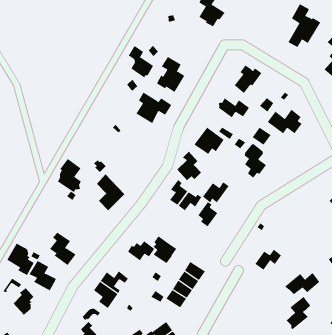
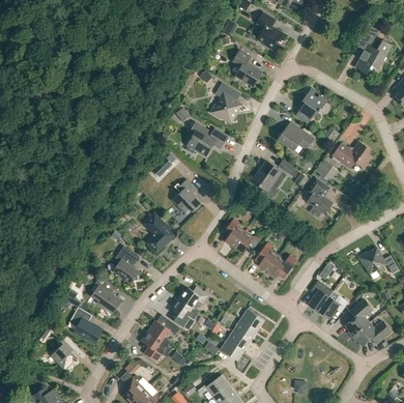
building: [128,45,154,78] -> [232,49,261,85]
building: [177,151,202,181] -> [172,178,200,211]
building: [57,158,82,193] -> [112,244,139,283]
building: [202,182,229,203] -> [266,254,296,278]
building: none -> [357,247,398,274]
building: [153,236,177,264] -> [171,297,198,328]
building: none -> [309,280,333,311]
building: [7,243,34,276] -> none
building: [286,296,311,330] -> [344,298,372,336]

